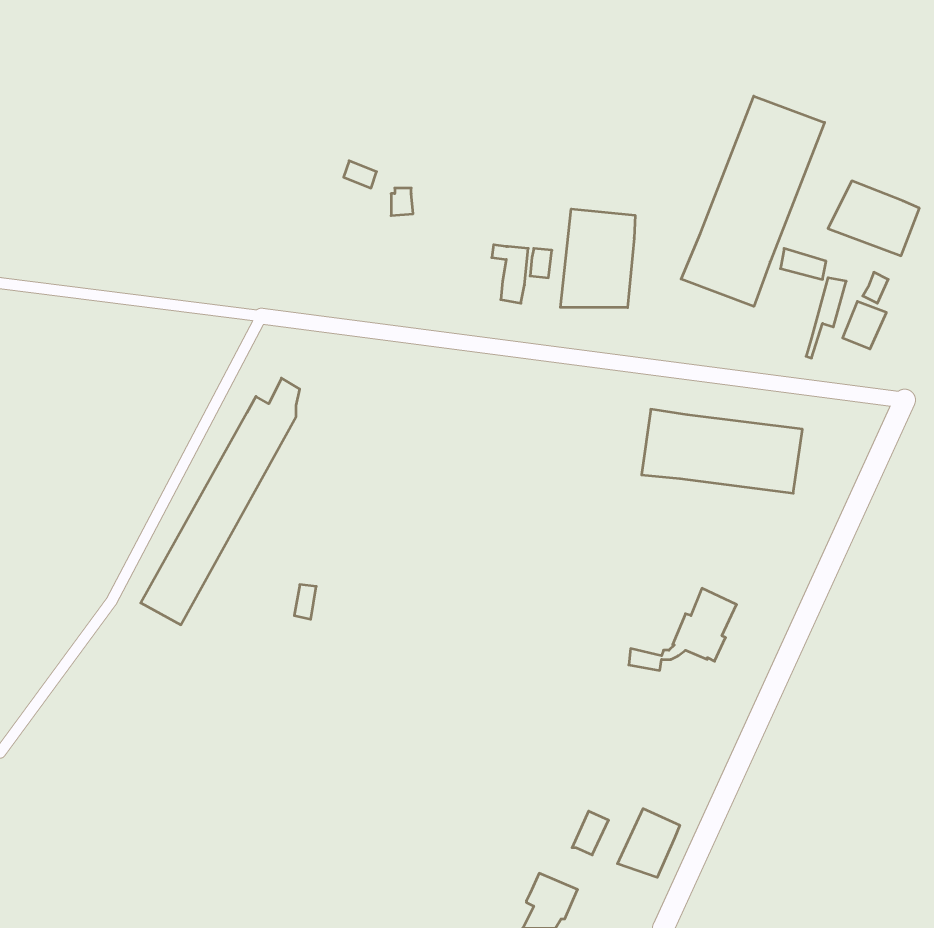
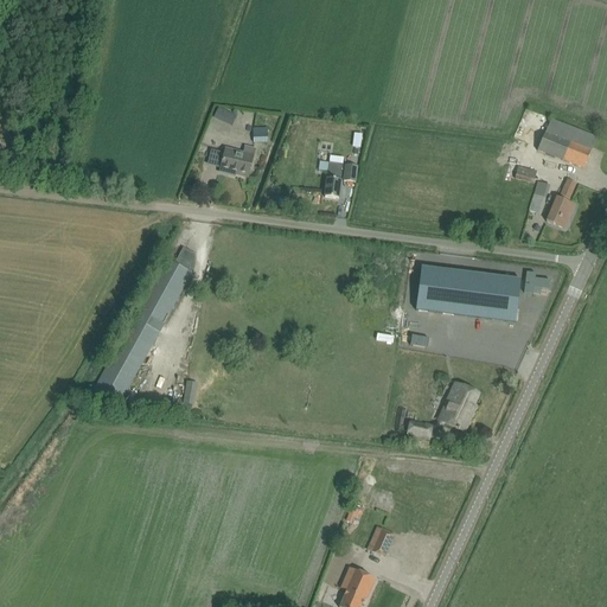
building: [681,96,825,306] -> none
building: [560,209,635,308] -> none
building: none -> [221,145,255,175]
building: [617,809,680,877] -> none

